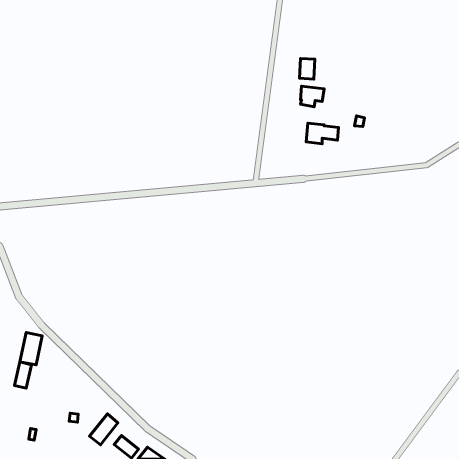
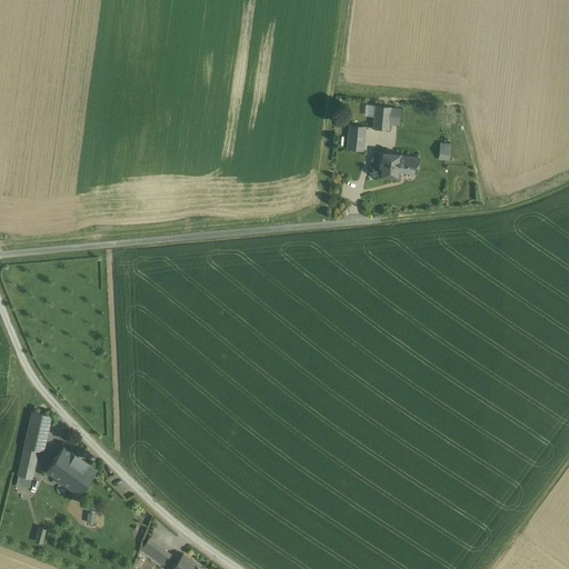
building: [300,58,315,79] -> [346,127,365,152]
building: none -> [46,447,96,495]
building: [90,414,118,445] -> none

